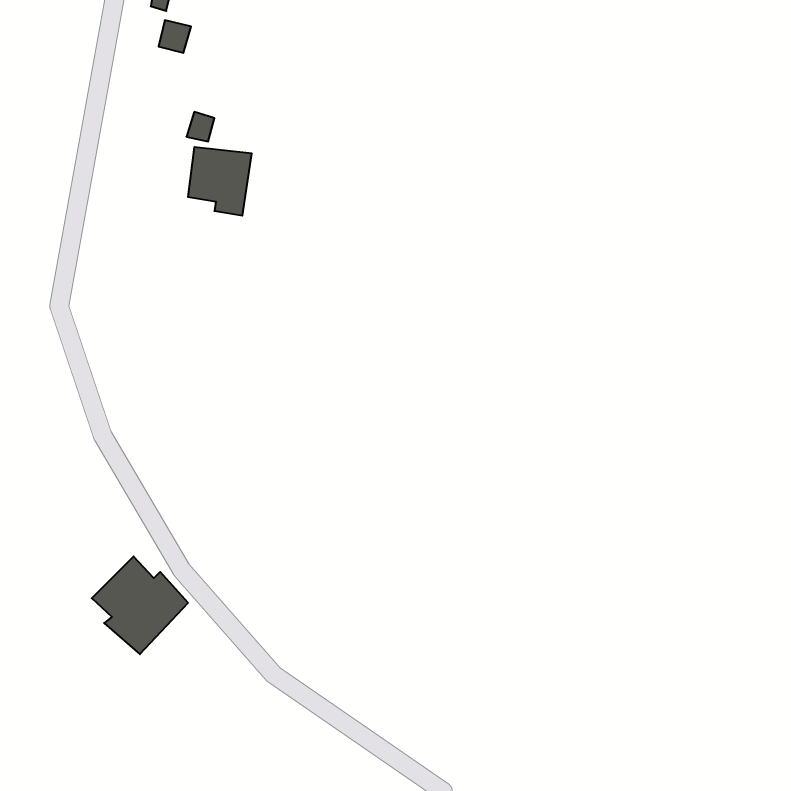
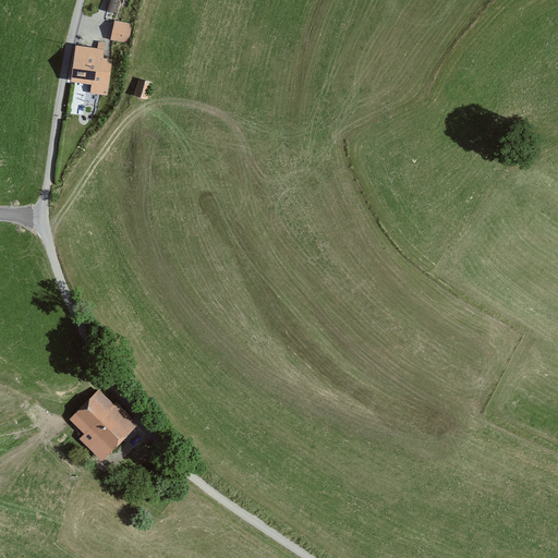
building: [188,147,252,216] -> [72,47,117,95]

